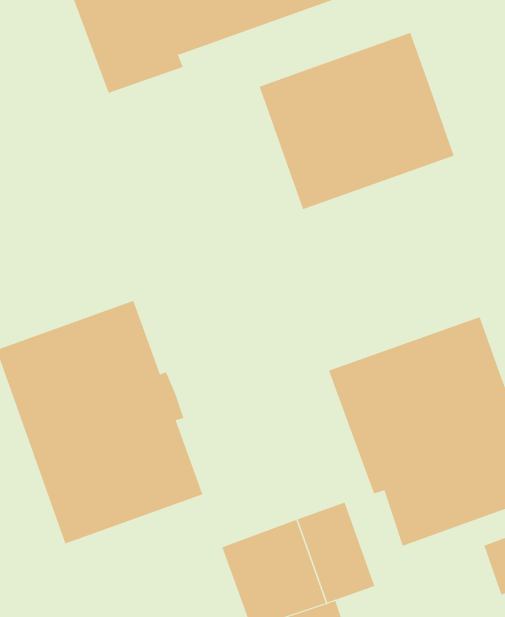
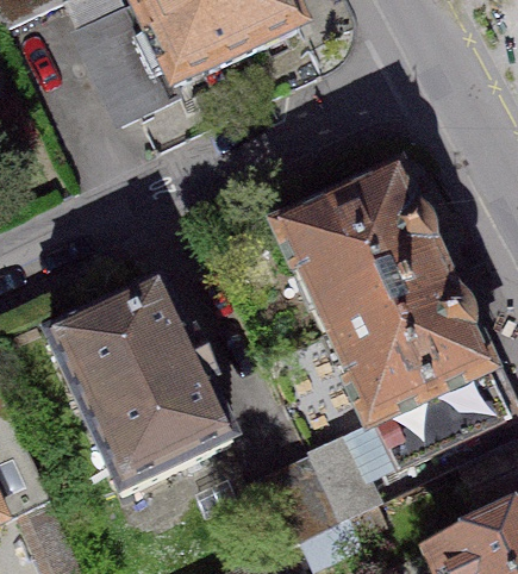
building: [259,32,455,210] -> [280,171,445,325]

